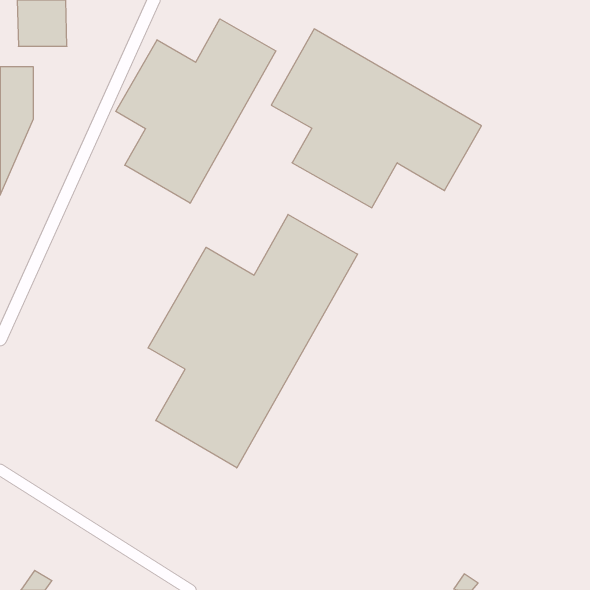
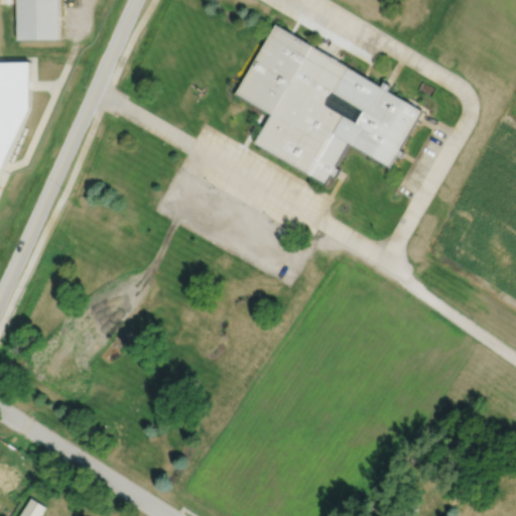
building: [116,19,276,203] -> none
building: [148,214,358,468] -> none

